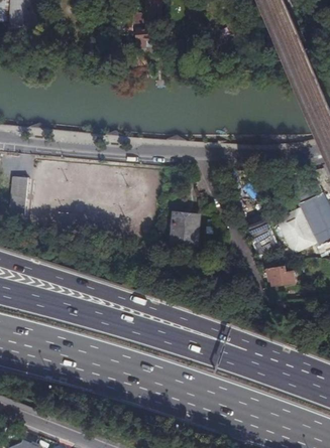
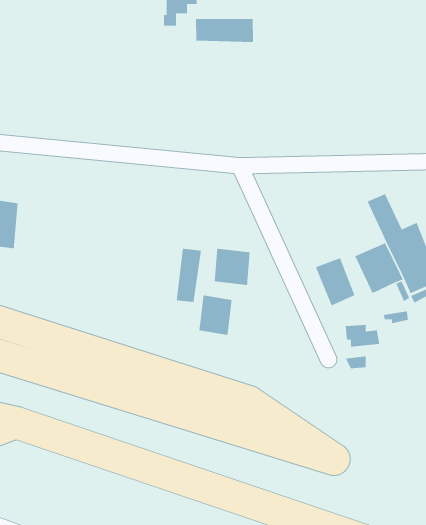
building: none -> [195,18,254,43]
building: none -> [176,248,202,303]
building: none -> [199,295,233,336]

